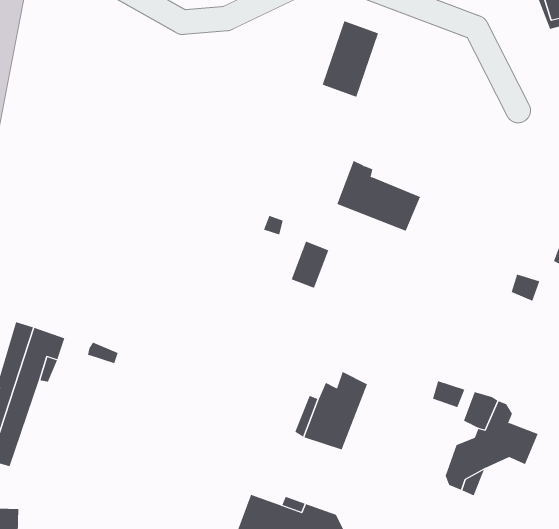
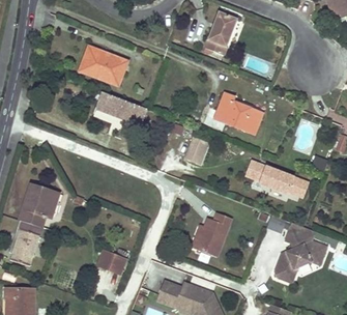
building: none -> [84,46,127,85]
building: none -> [94,89,147,127]
building: none -> [245,161,308,197]
building: none -> [100,253,128,277]

